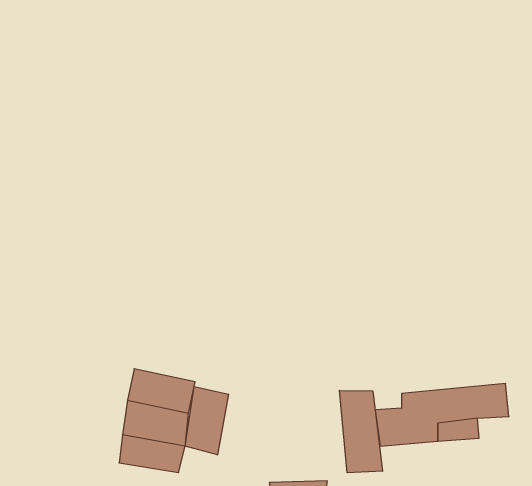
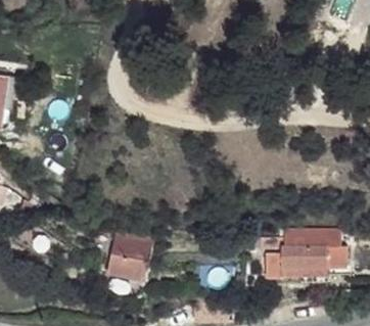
building: [185,387,229,455] -> none
building: [339,390,382,473] -> none

